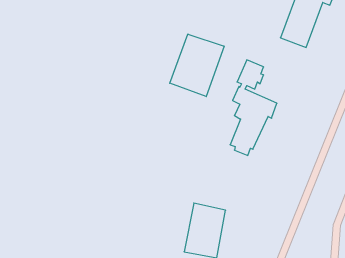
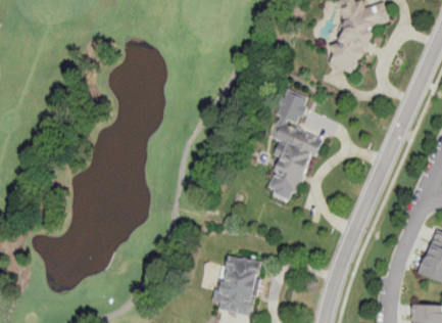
building: [170,34,224,97] -> none

